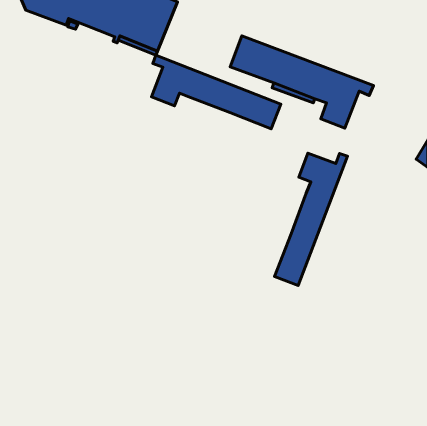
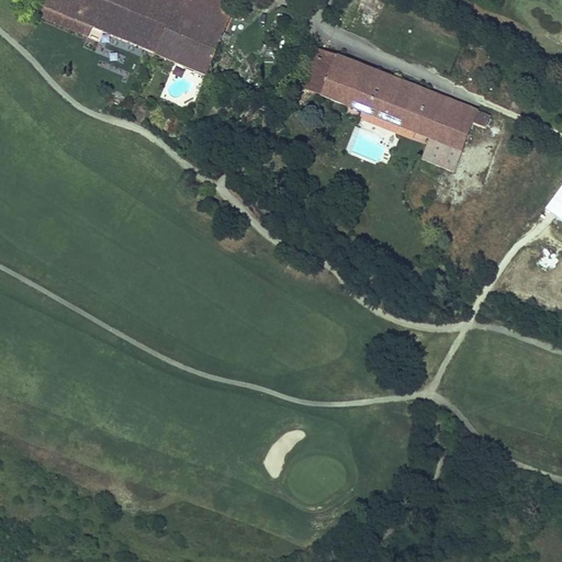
building: [151,55,281,129] -> none
building: [275,153,347,285] -> none

